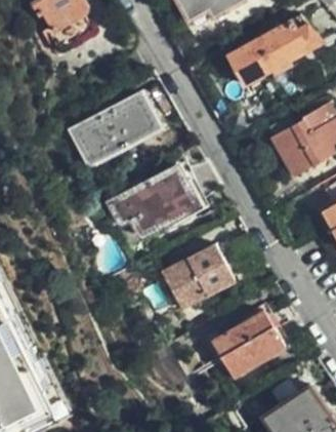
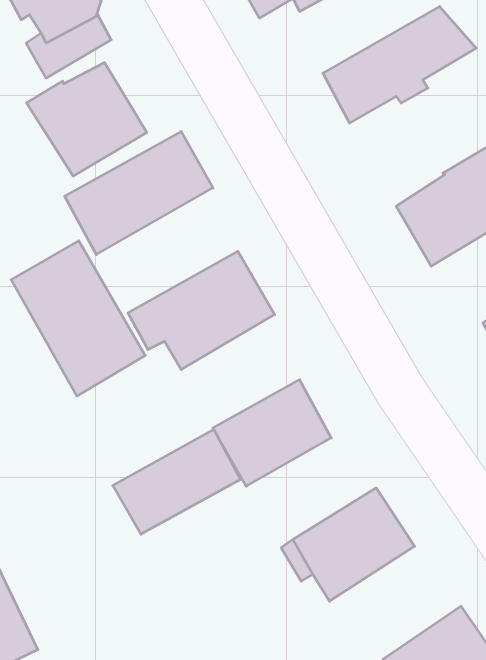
building: none -> [27,63,147,176]
building: none -> [11,241,145,396]
building: none -> [113,429,241,534]

